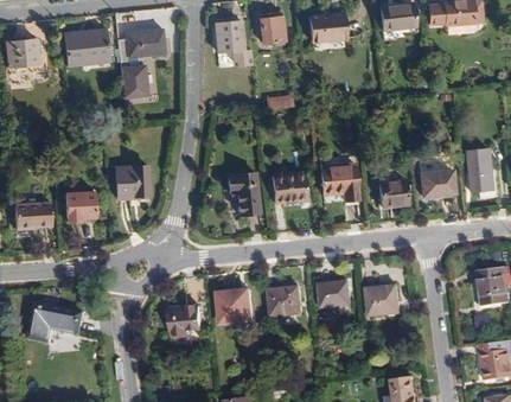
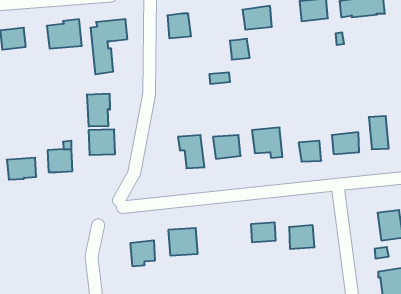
building: [260,17,285,43] -> [230,39,250,60]
building: none -> [87,94,110,127]
building: [268,286,301,317] -> none
building: [26,302,83,343] -> none

